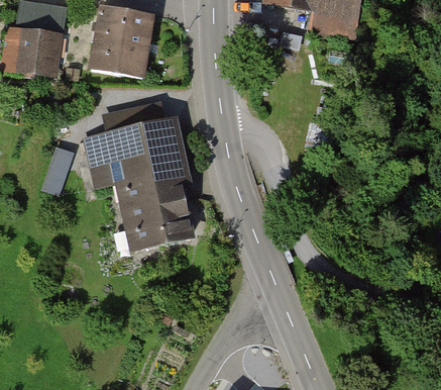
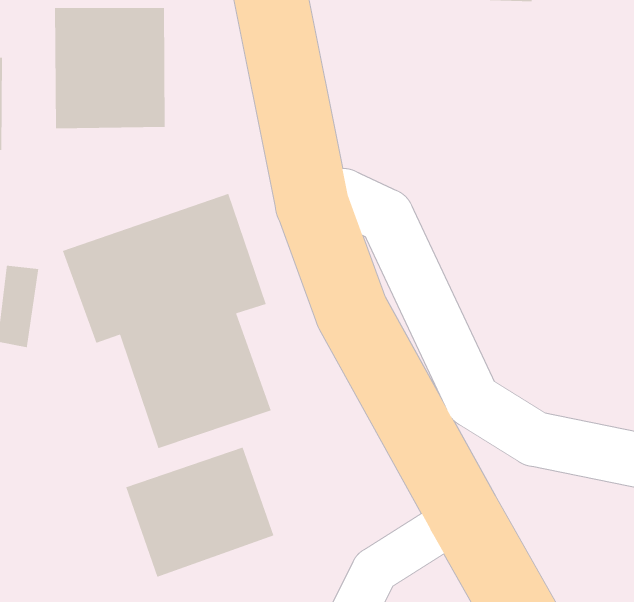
building: none -> [125,446,275,578]

